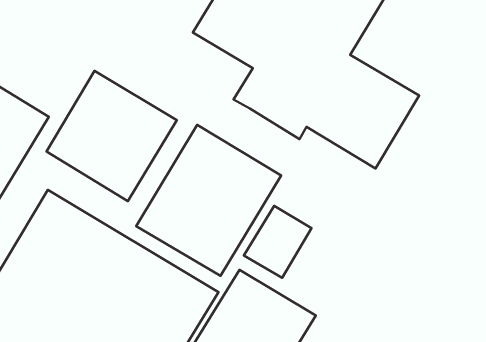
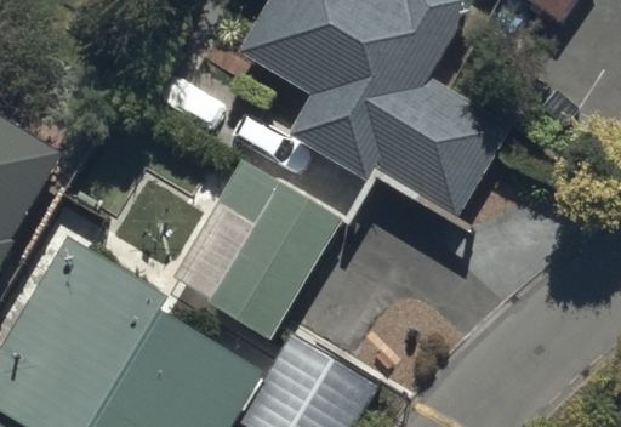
building: [46,71,177,201] -> none

